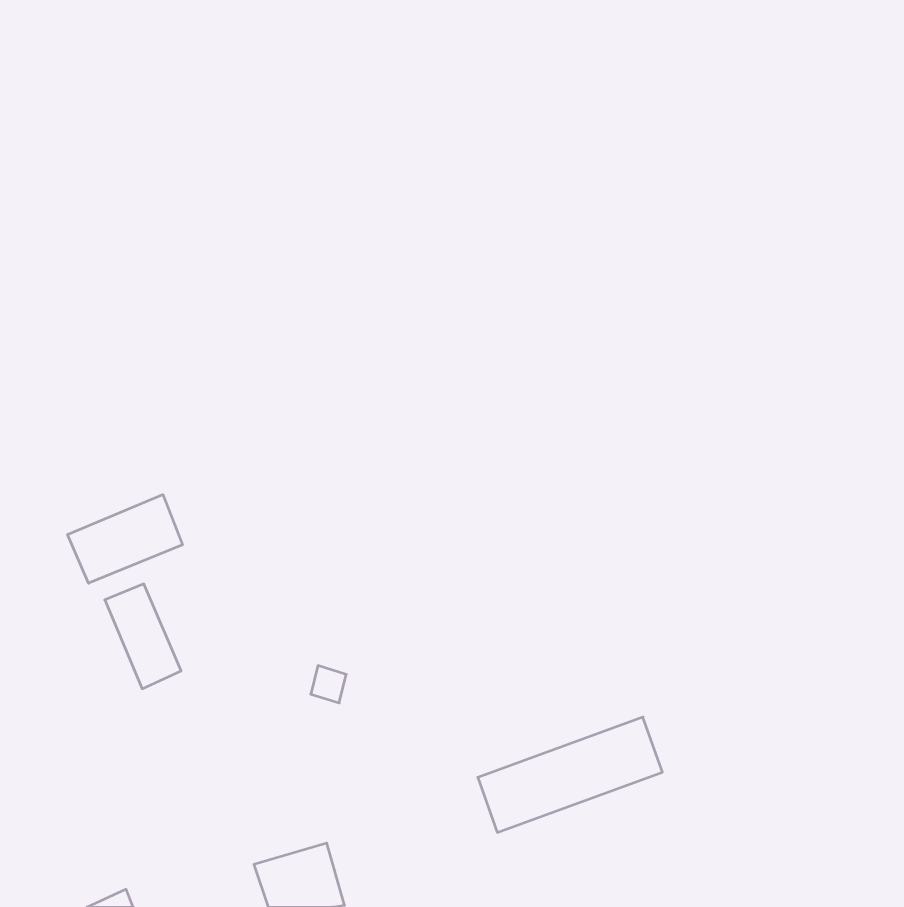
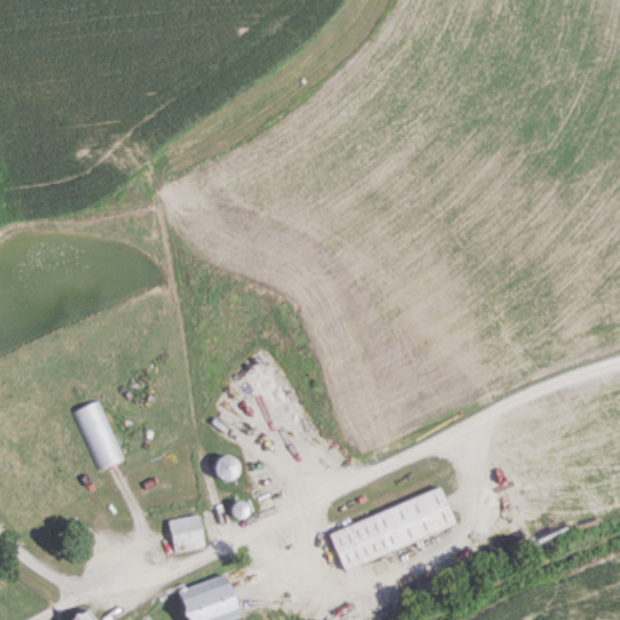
building: [68,495,182,583] -> none
building: none -> [170,516,203,551]

